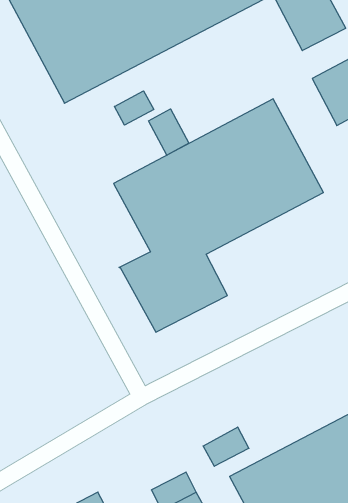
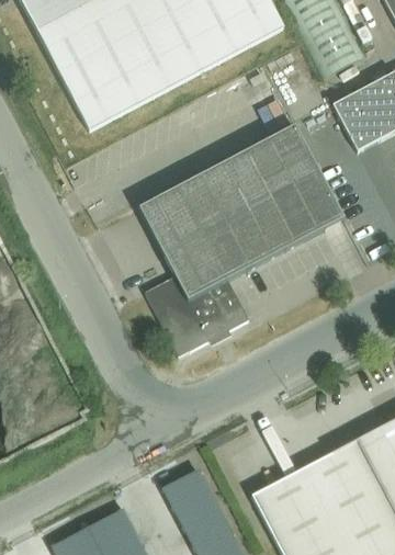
building: [114,91,154,125] -> none
building: [149,109,189,155] -> none
building: [203,427,249,466] -> [165,469,210,508]

